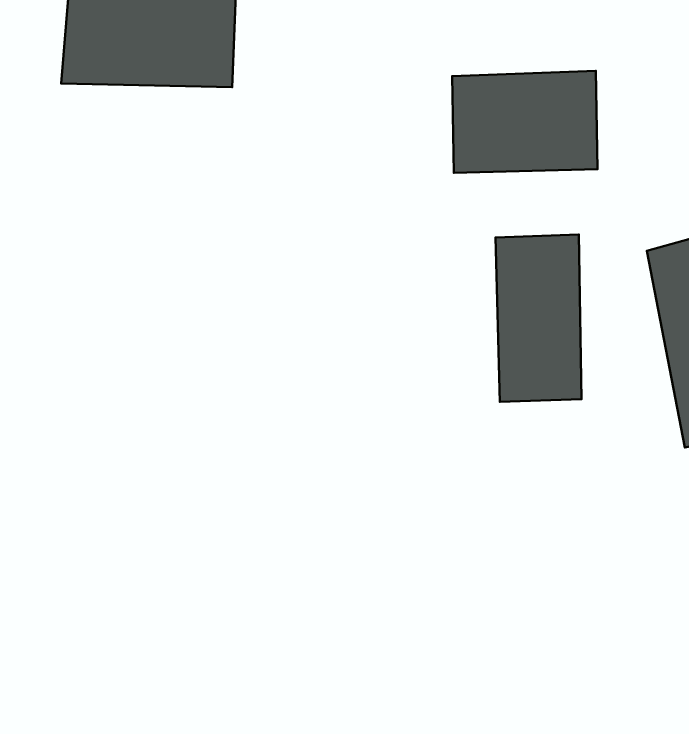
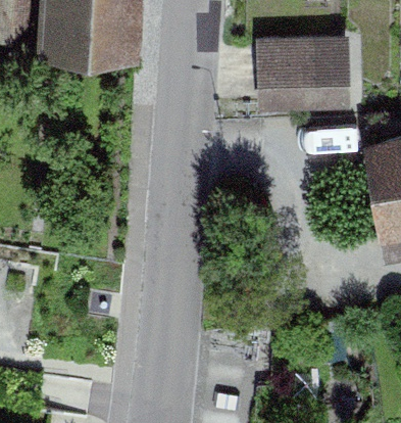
building: [496,234,581,402] -> none

